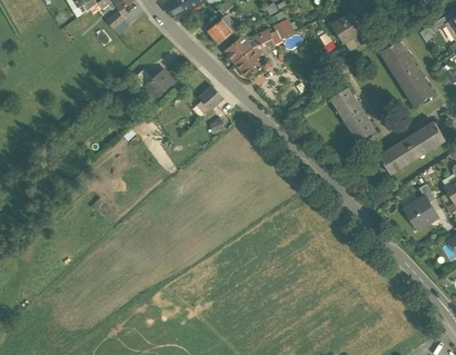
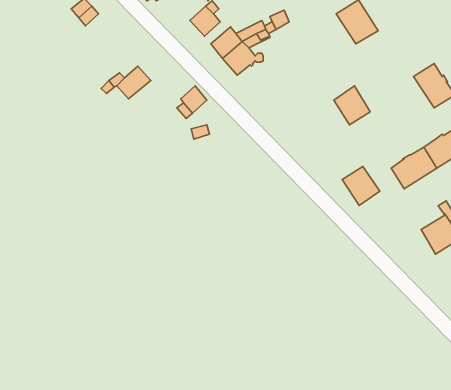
building: [379,39,415,78] -> none
building: [343,108,375,141] -> [342,166,380,206]

